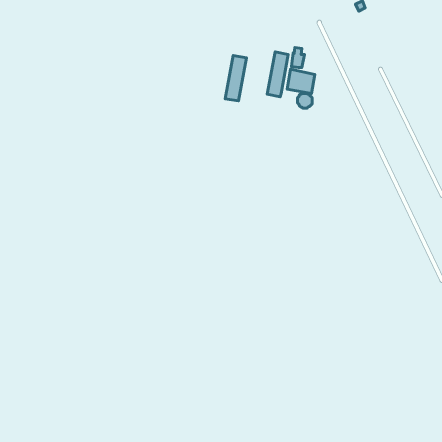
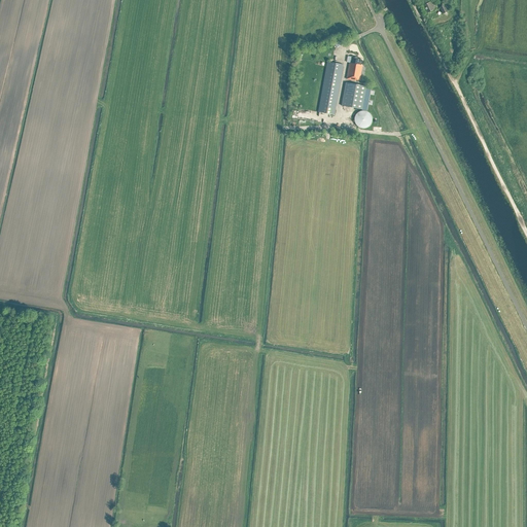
building: [225,55,246,101] -> none

